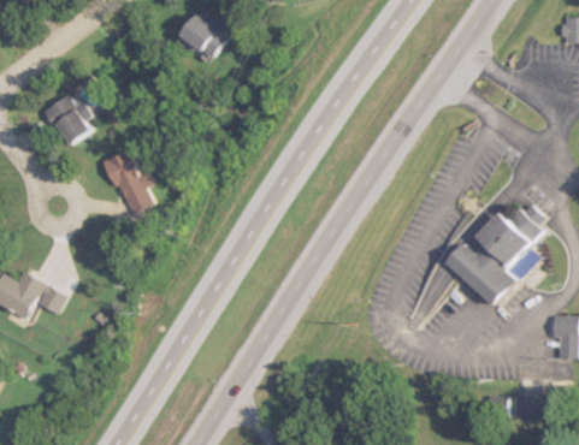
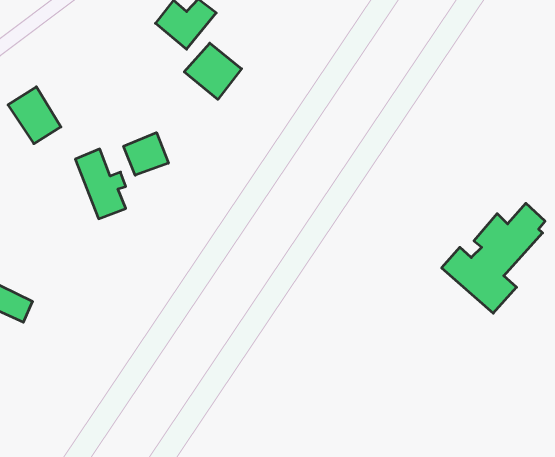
building: none -> [184,43,242,99]
building: none -> [124,133,168,175]

